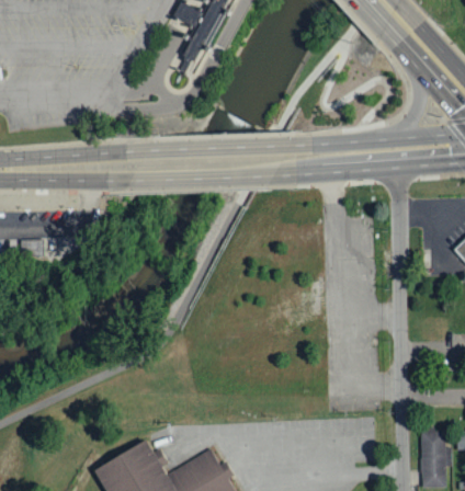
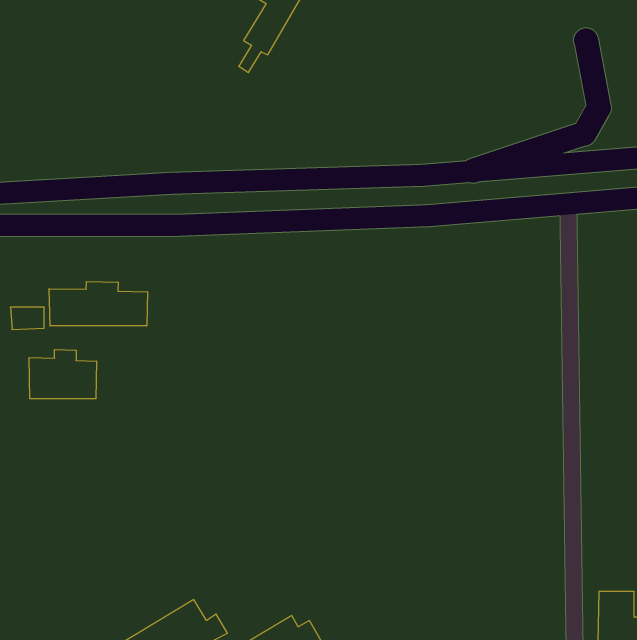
building: none -> [49,282,148,326]
building: none -> [29,350,96,399]

